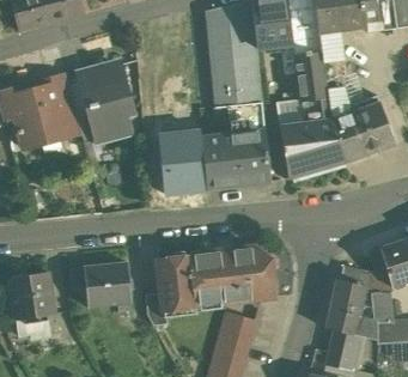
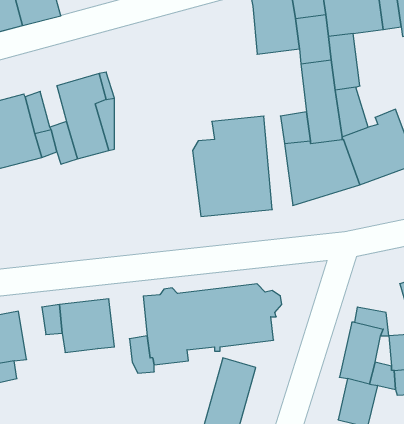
building: [207,6,262,107] -> none
building: [160,132,207,193] -> none

